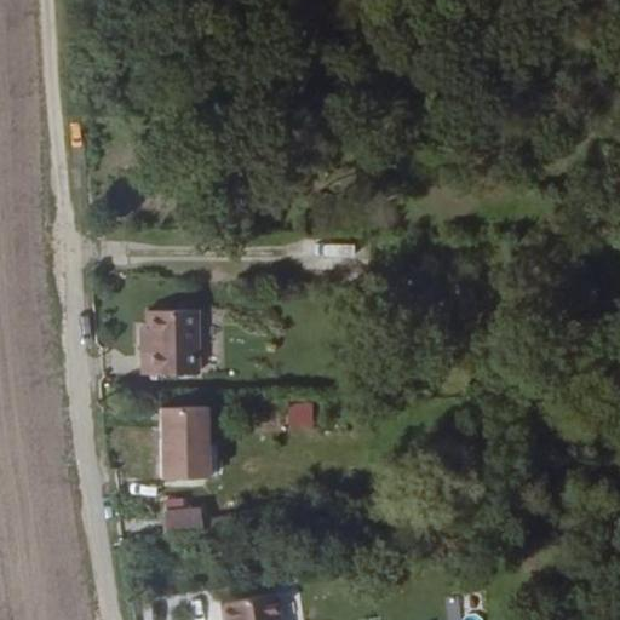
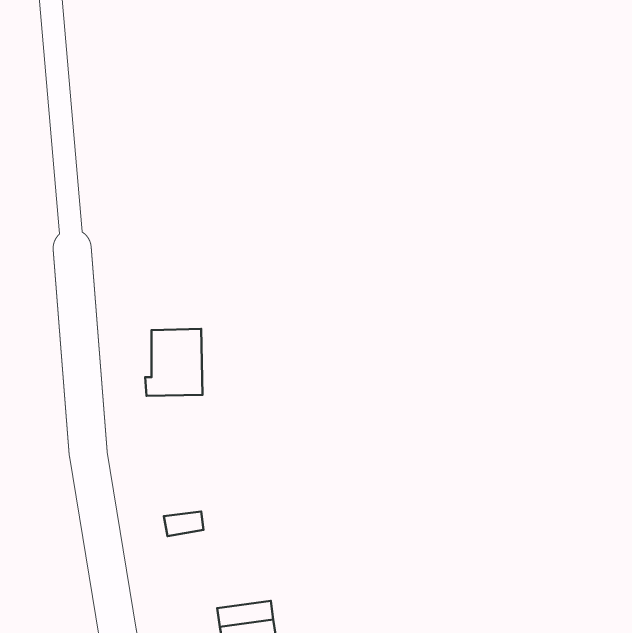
building: [167,406,205,476] -> none

